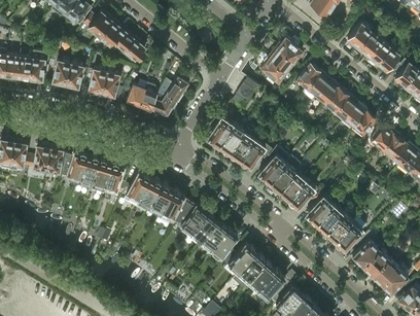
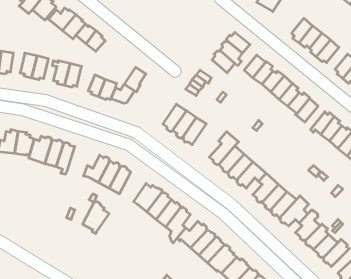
building: [239,138,270,168] -> none
building: [103,163,125,195] -> none
building: [160,189,188,224] -> [83,201,109,234]

